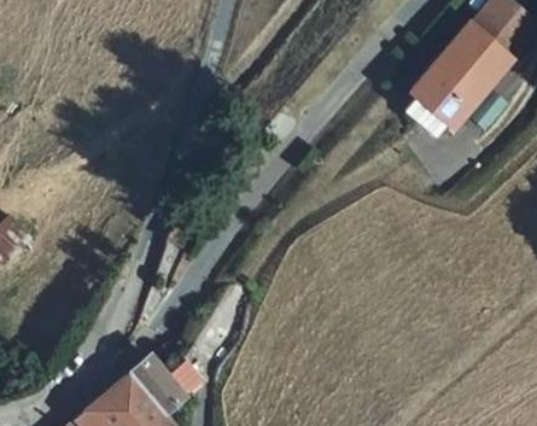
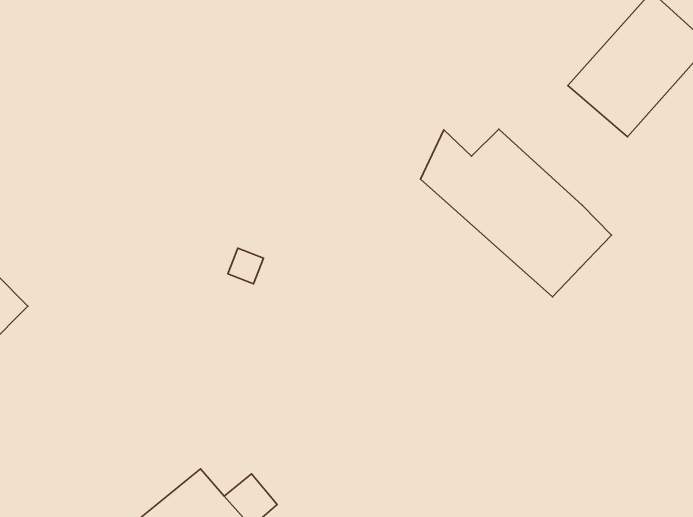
building: none -> [420,129,612,297]

